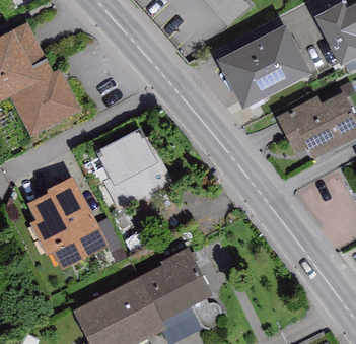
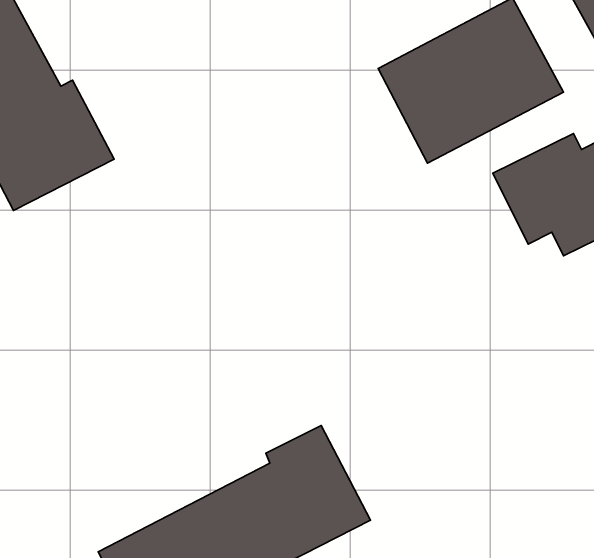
building: [95,127,172,209] -> none
building: [27,175,108,268] -> none

